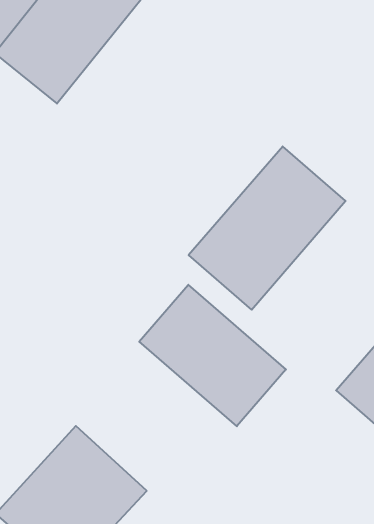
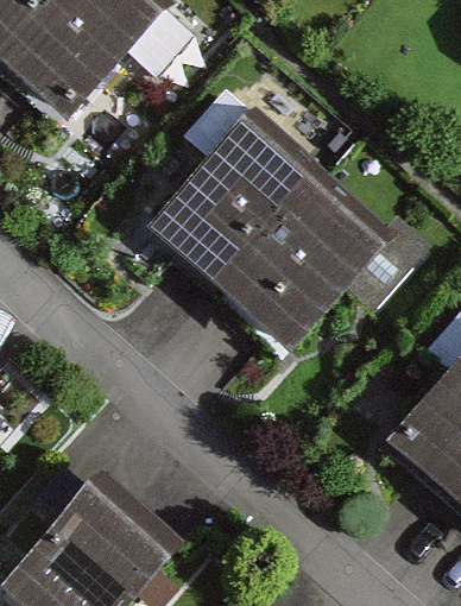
building: none -> [147,105,326,290]
building: [139,285,286,426] -> none

